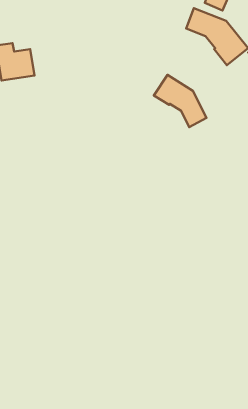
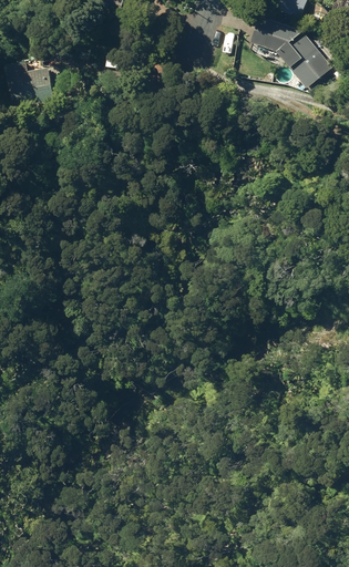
building: [154,75,207,127] -> none

